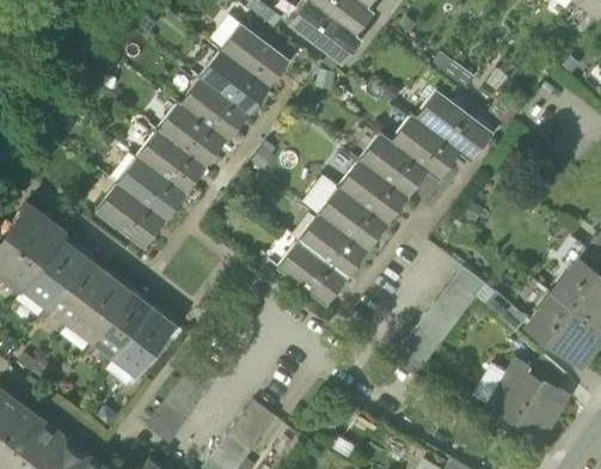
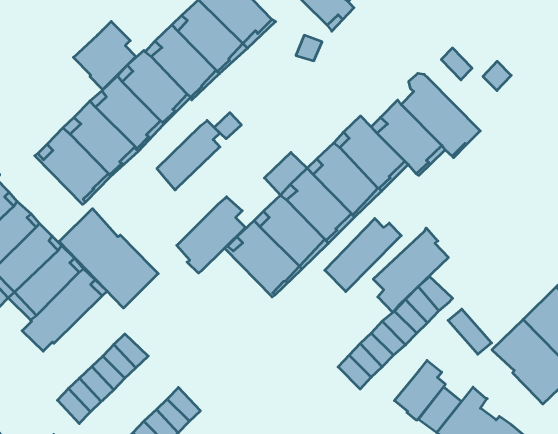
building: none -> [73,21,136,89]
building: none -> [157,120,220,190]
building: none -> [325,218,401,292]
building: none -> [177,197,246,273]
building: none -> [373,228,448,312]
building: none -> [59,209,158,308]
building: none -> [394,360,445,420]
building: [526,352,564,389] -> none

